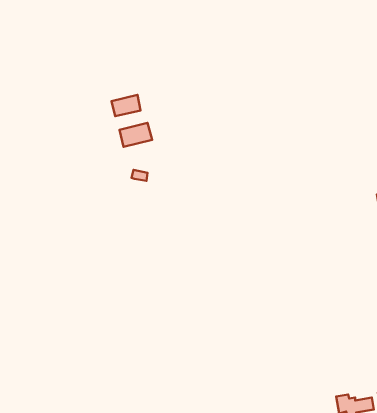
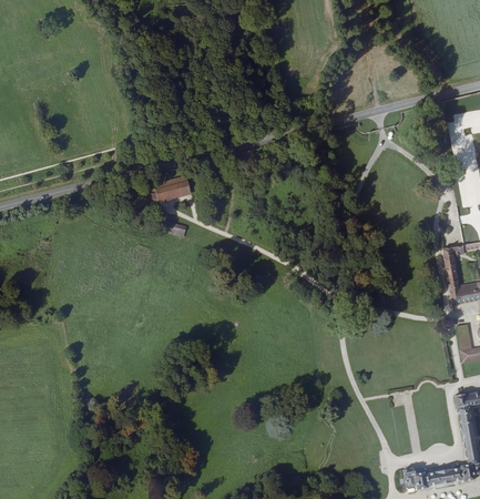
building: [111,95,140,116] -> none

